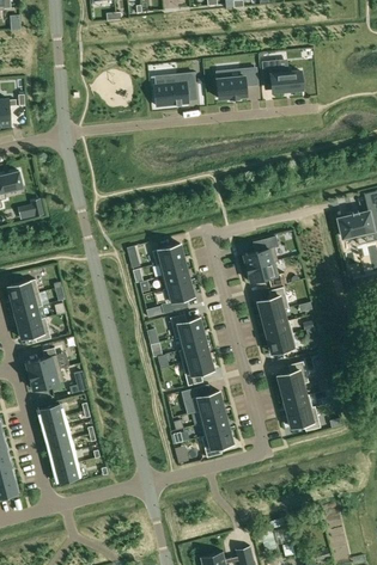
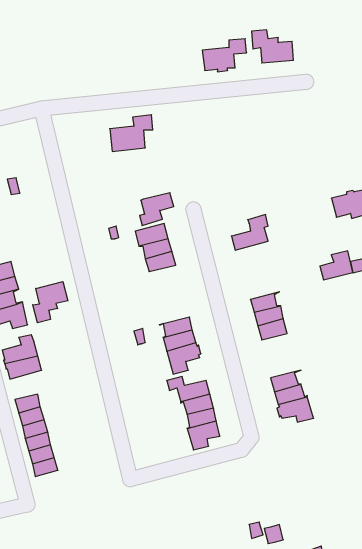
building: [154,73,195,108] -> [110,115,153,151]
building: [247,260,282,284] -> none
building: [162,283,194,314] -> [140,193,174,226]
building: [257,288,288,315] -> [320,251,353,280]
building: none -> [33,282,68,323]
building: [170,314,203,339] -> none
building: [276,362,309,389] -> none

